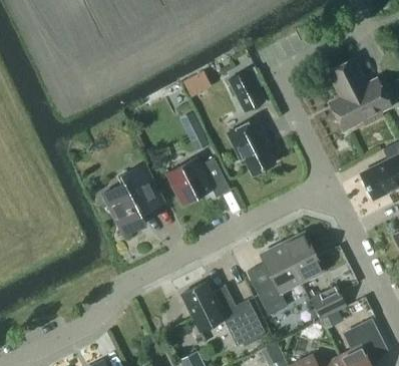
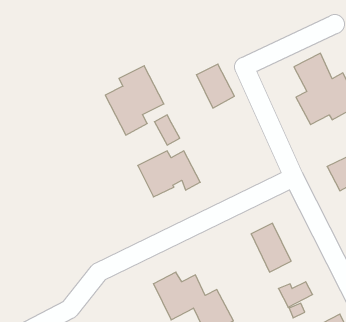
building: [227,119,275,175] -> none
building: [103,164,163,236] -> [105,66,164,135]
building: [256,244,302,316] -> none

